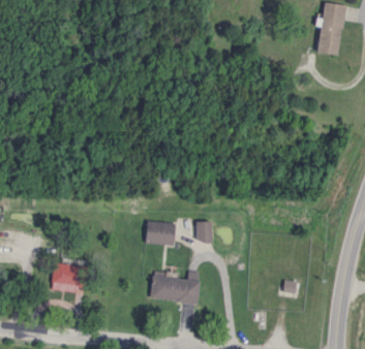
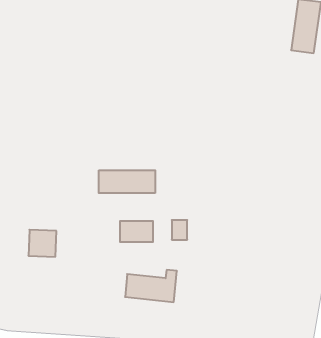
building: none -> [99,170,155,193]
building: [52,264,80,291] -> [28,230,56,257]

